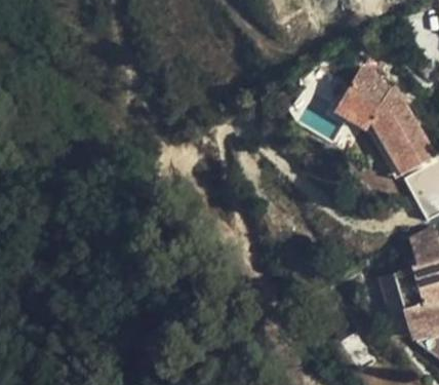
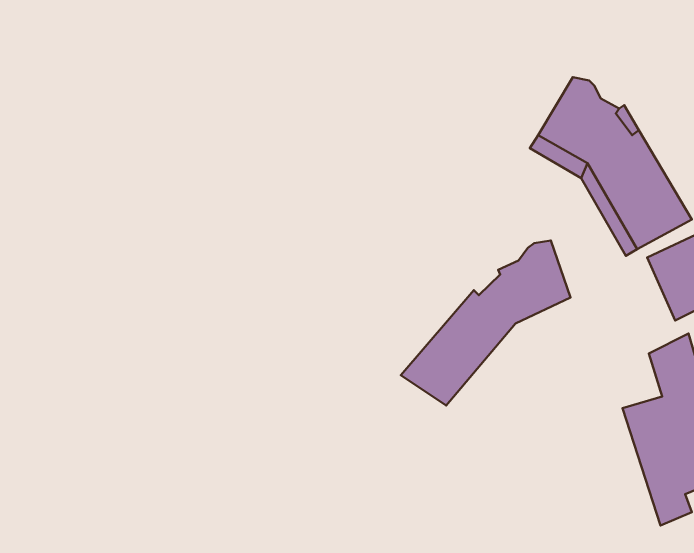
building: none -> [401,240,570,406]

